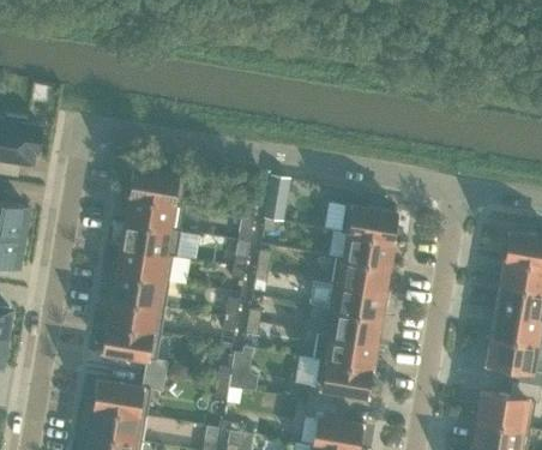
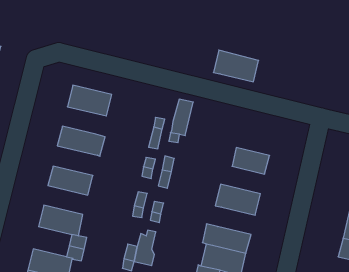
building: [126,198,185,233] -> none
building: [341,205,397,242] -> [213,50,259,82]
building: [118,248,173,283] -> none
building: [332,258,387,292] -> none
building: [109,300,164,334] -> none
building: [332,312,379,344] -> none

